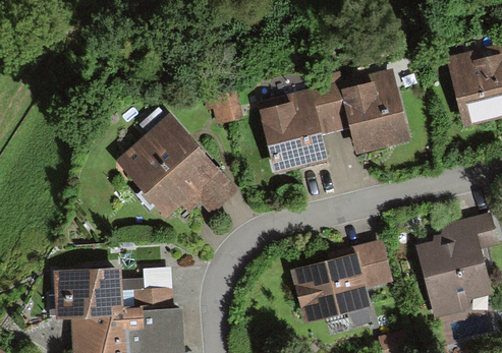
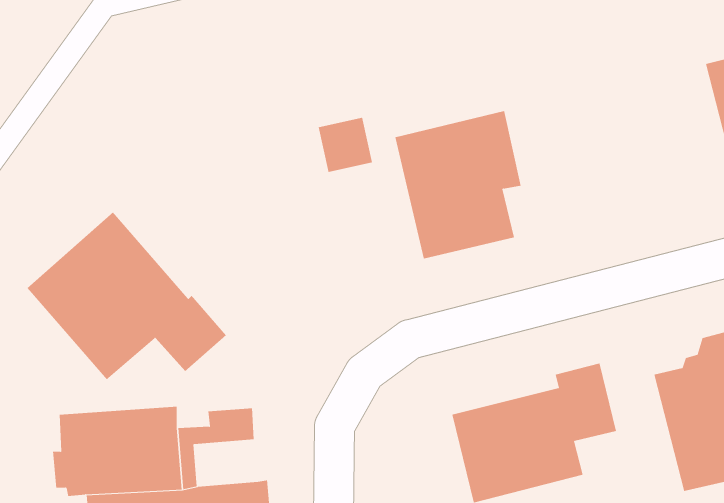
building: [321,68,411,155] -> none
building: [116,114,238,217] -> [26,211,227,380]
building: [134,285,173,313] -> none

